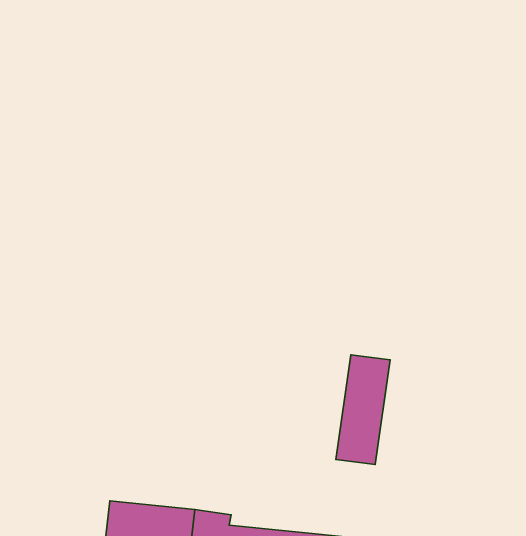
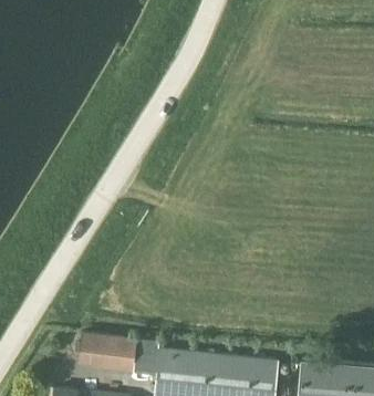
building: [336,355,390,465] -> none

